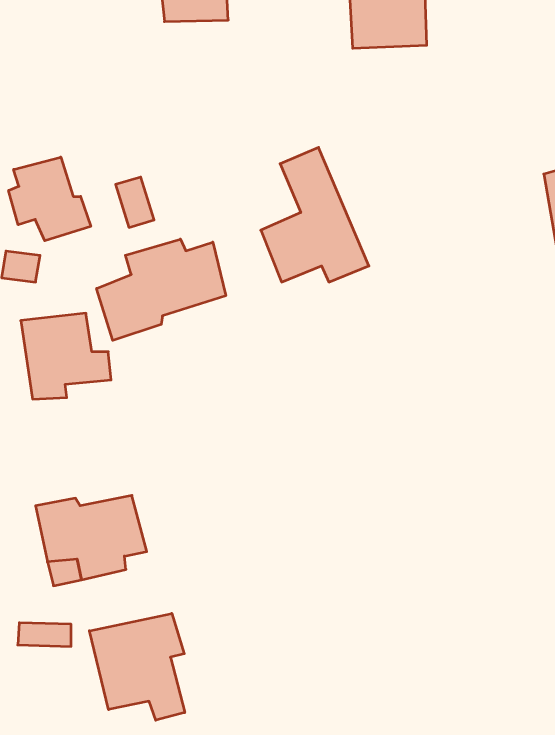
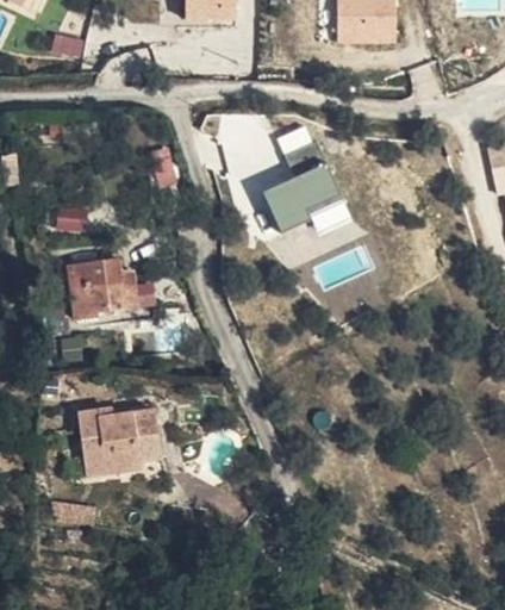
building: [9,157,91,241] -> none
building: [97,239,226,340] -> none
building: [89,613,185,720] -> none

